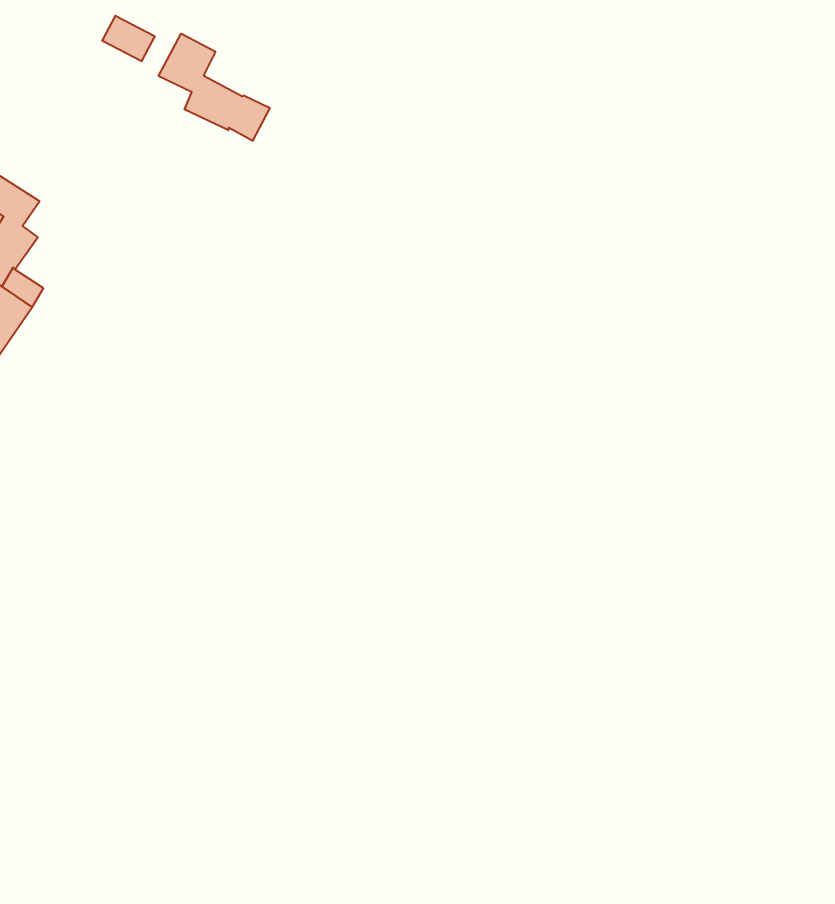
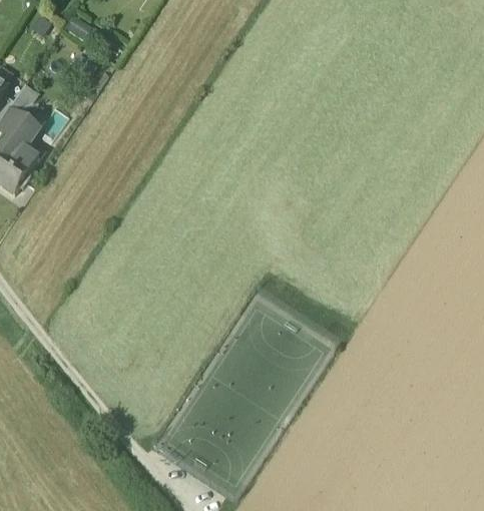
building: [159,34,270,141] -> none

